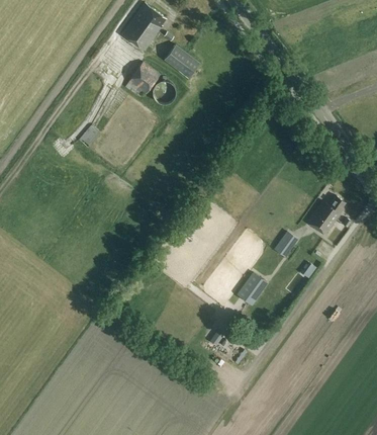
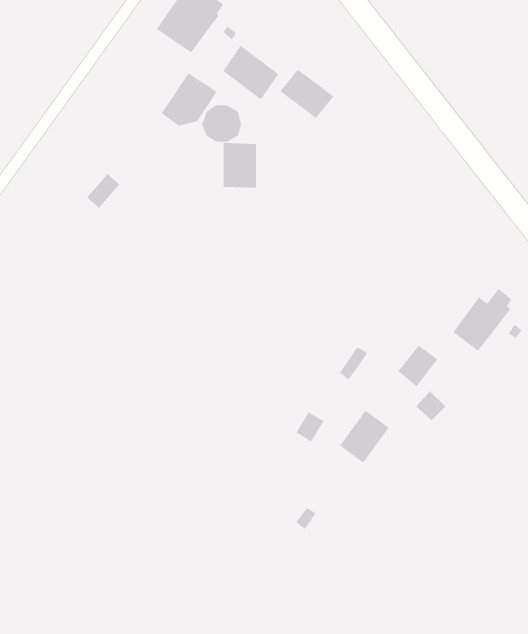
building: none -> [280,69,334,119]
building: none -> [223,142,256,189]

